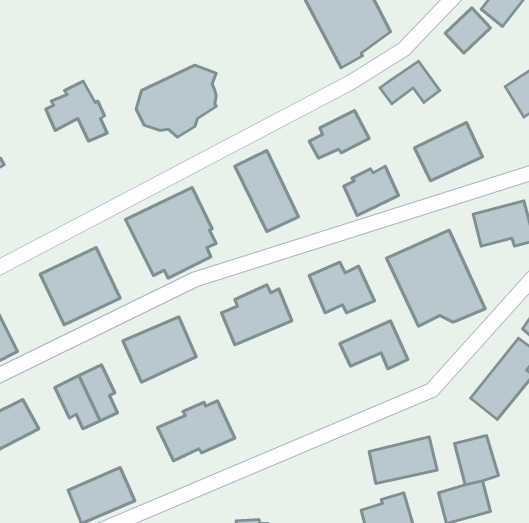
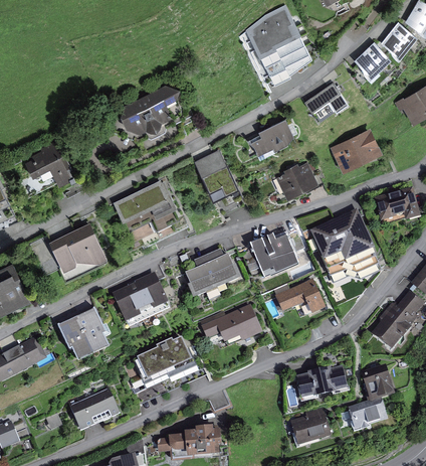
building: [46,81,107,141] -> [26,140,72,185]
building: none -> [201,303,262,341]

